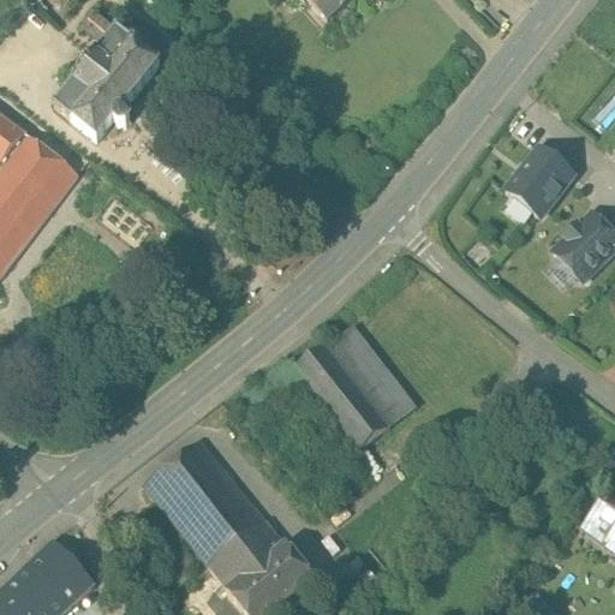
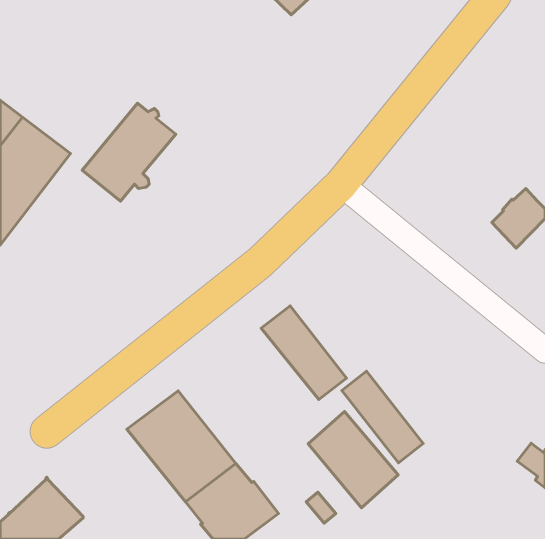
building: [55,28,161,138] -> [82,103,176,201]
building: [507,148,573,215] -> none
building: [327,323,418,426] -> [342,371,423,463]
building: none -> [308,412,398,508]

